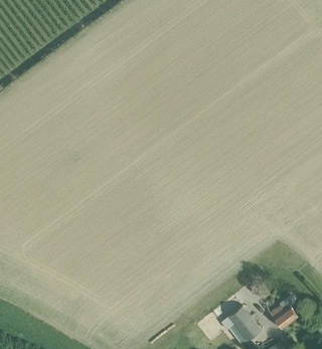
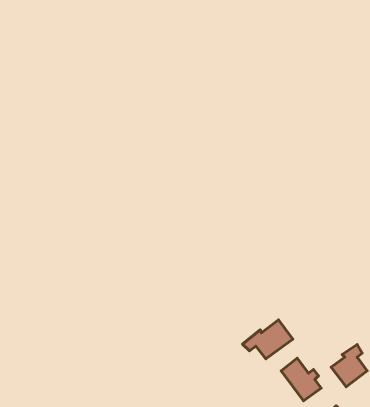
building: none -> [243,320,293,359]

